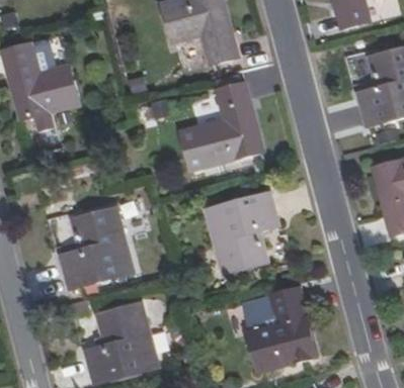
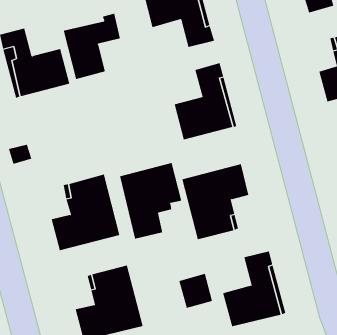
building: none -> [63,13,121,80]
building: none -> [119,162,182,239]
building: [241,294,278,332] -> [179,273,213,309]

